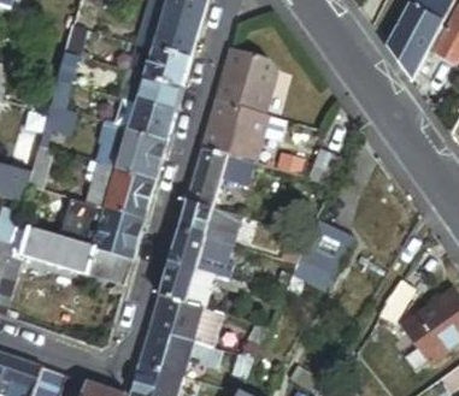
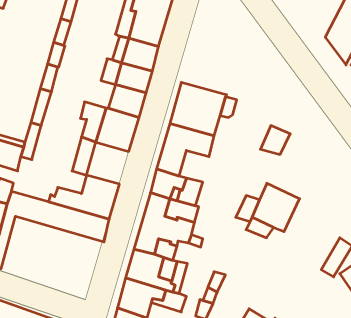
building: [216,47,275,112] -> none
building: [105,169,154,218] -> none

